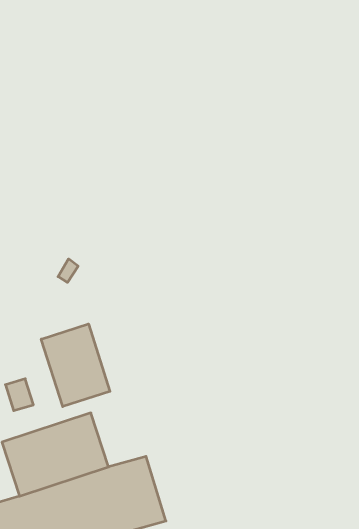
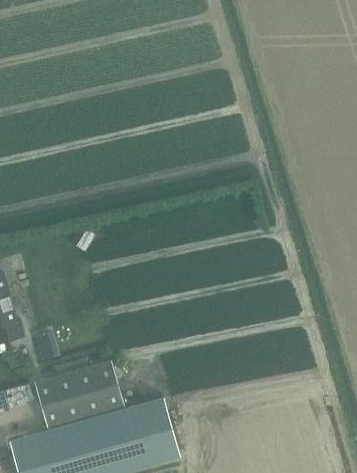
building: [41,324,110,407] -> none

